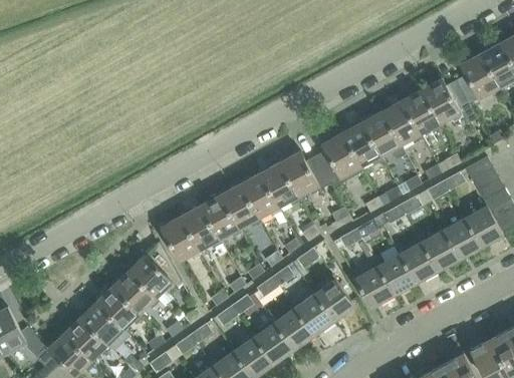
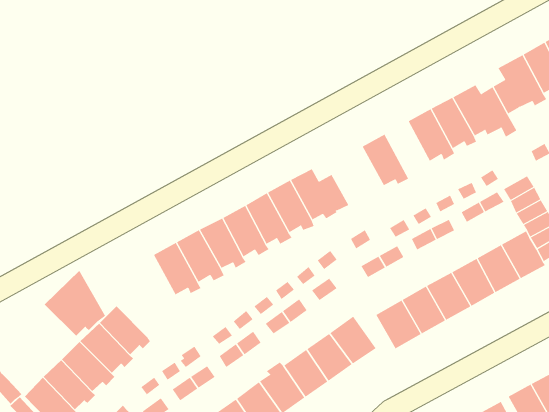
building: [361,110,403,156] -> none
building: [315,132,363,187] -> none
building: [127,241,182,299] -> [44,270,106,337]

